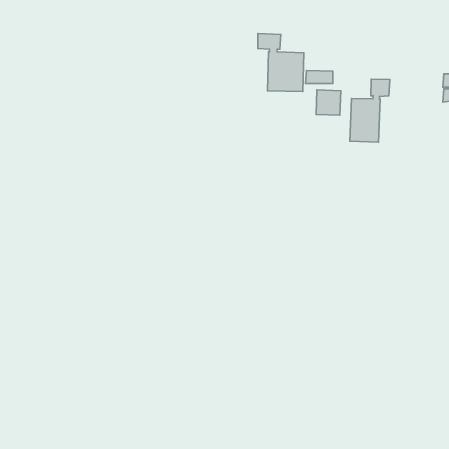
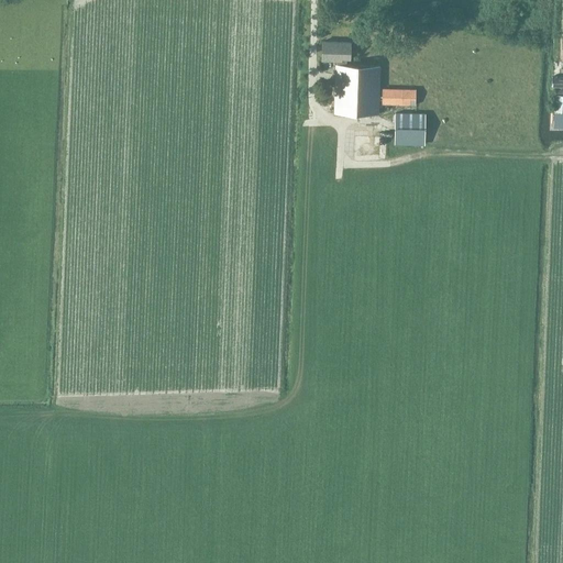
building: [350,79,390,142] -> none

